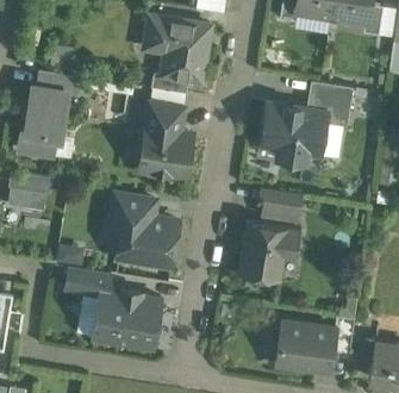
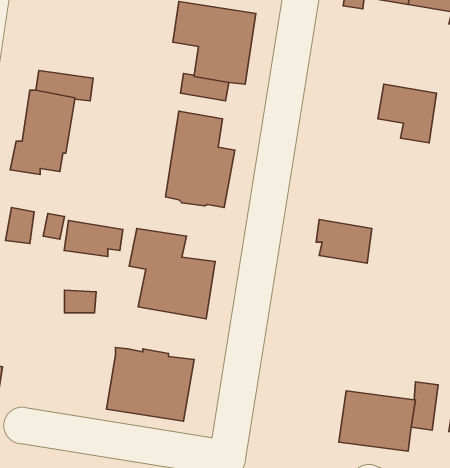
building: [261,102,326,162] -> none
building: [237,222,300,280] -> none
building: [64,267,111,295] -> [64,220,123,257]

